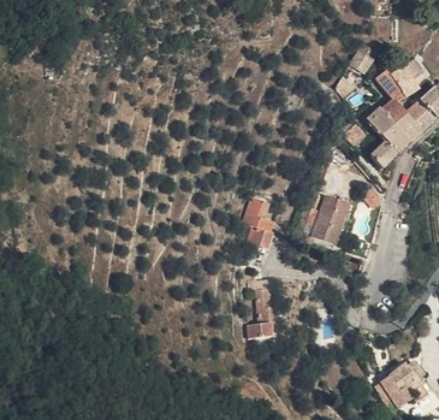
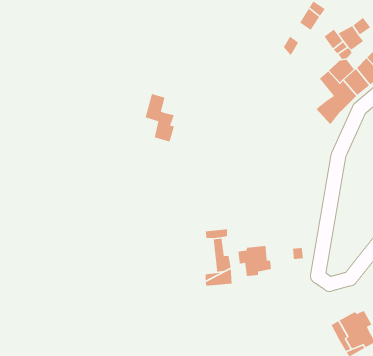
building: [312,193,351,243] -> none
building: [243,195,274,247] -> [145,93,175,143]
building: none -> [238,245,272,277]

